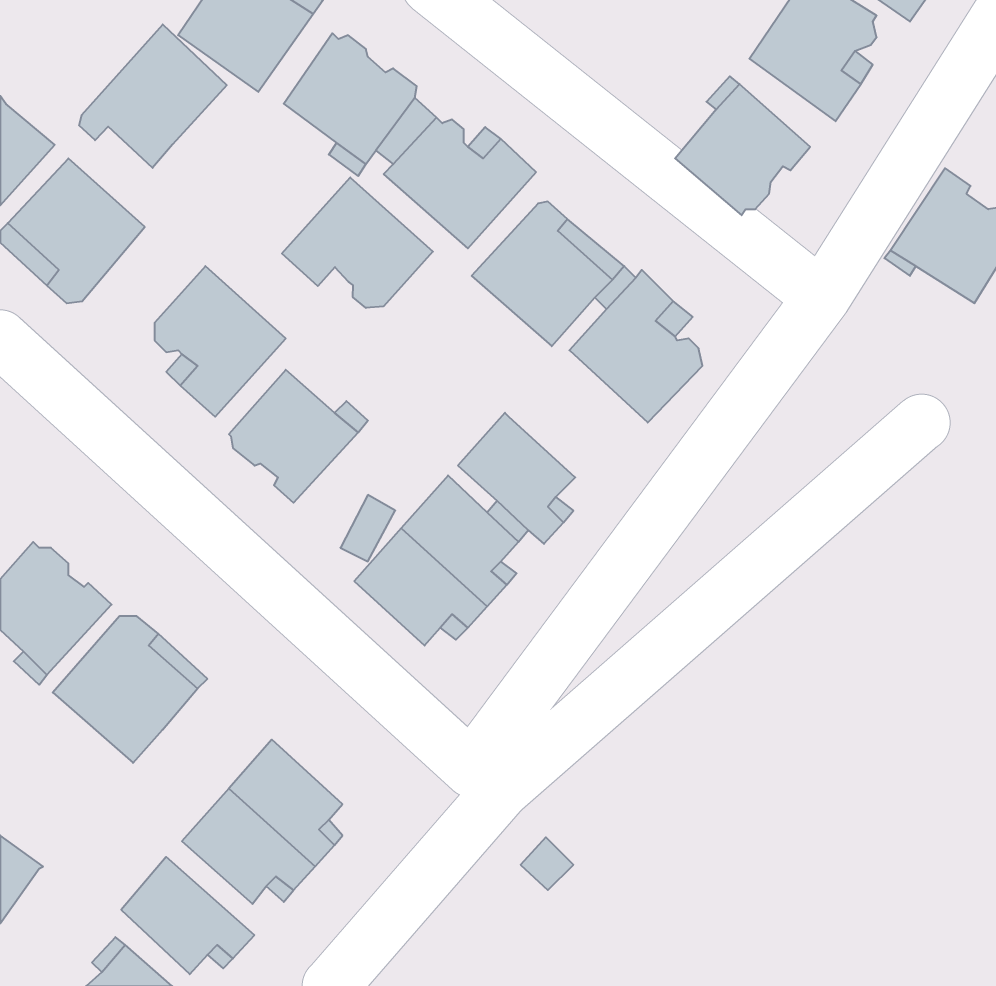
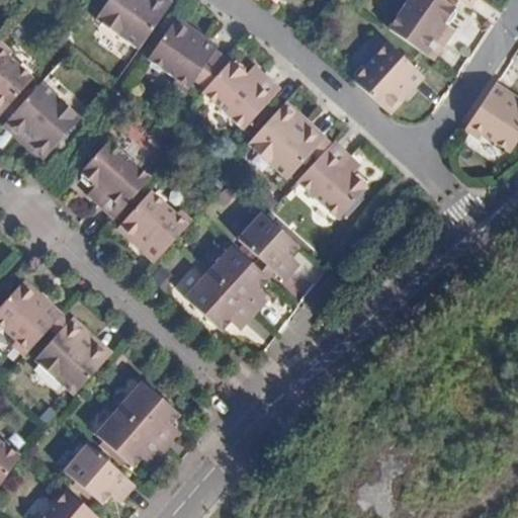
building: [79,24,227,168] -> none
building: [282,177,433,308] -> none

